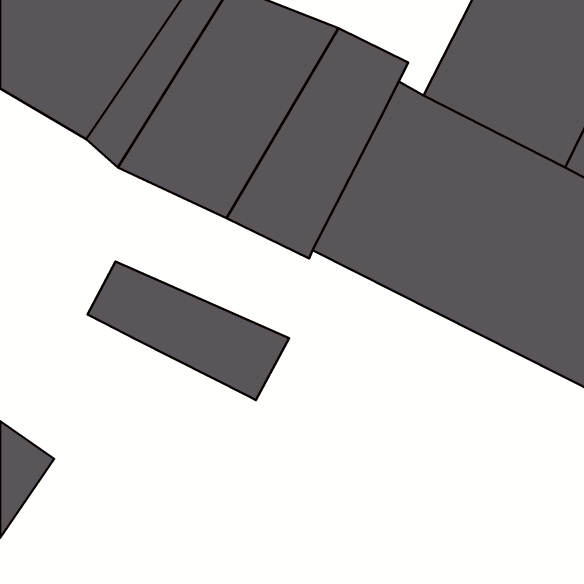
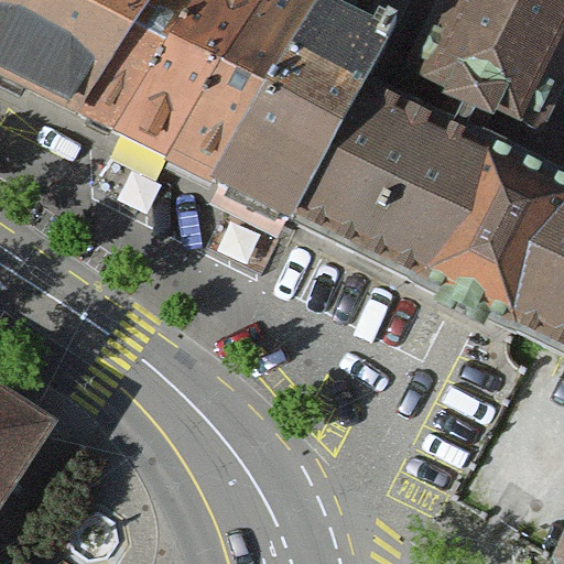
building: [88,262,289,400] -> none

